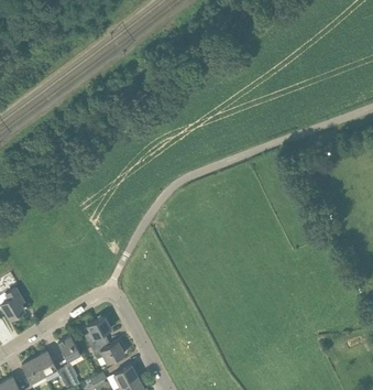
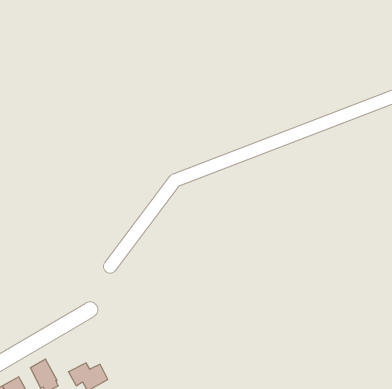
building: [84,315,111,346] -> none

